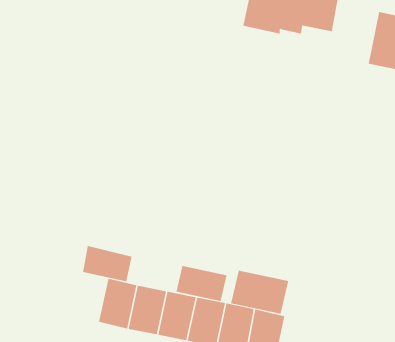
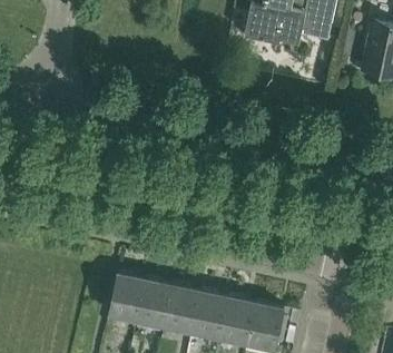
building: [82,245,132,282] -> none
building: [176,265,227,302] -> none
building: [231,270,289,315] -> none

